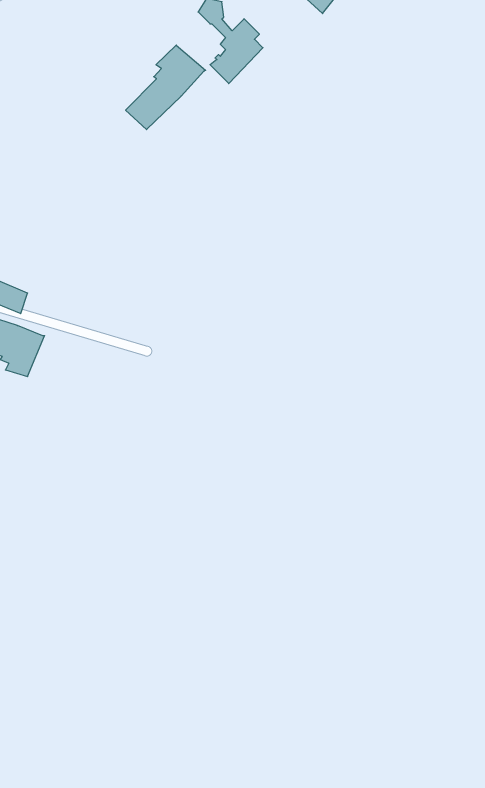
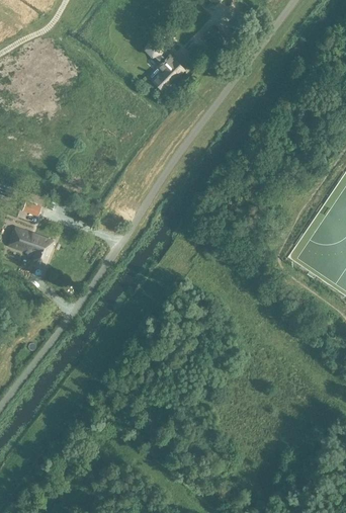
building: [126,45,206,130] -> none

